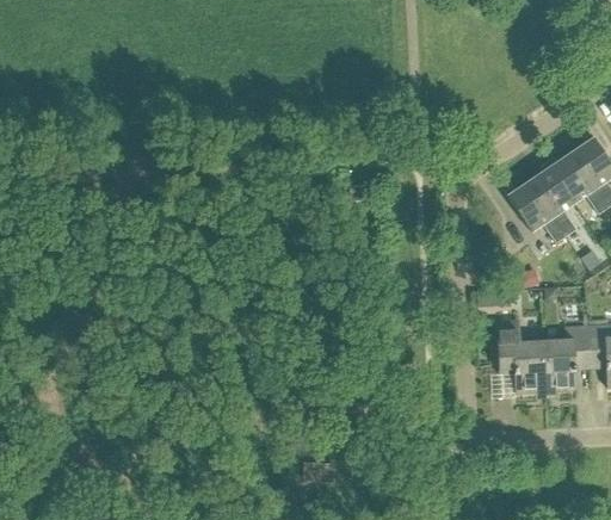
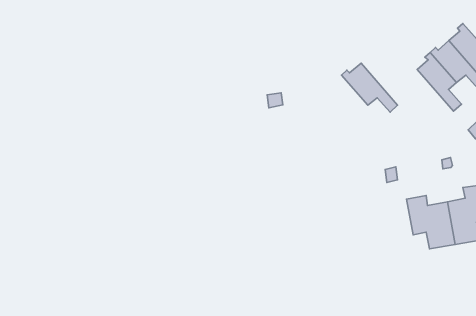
building: [505,179,566,241] -> [342,63,398,112]

